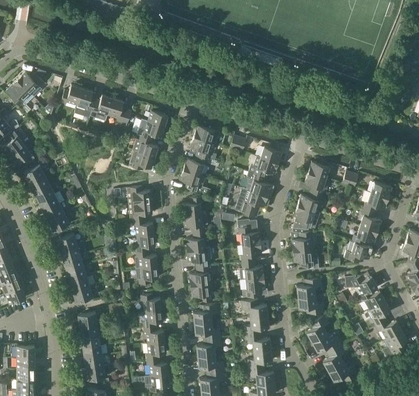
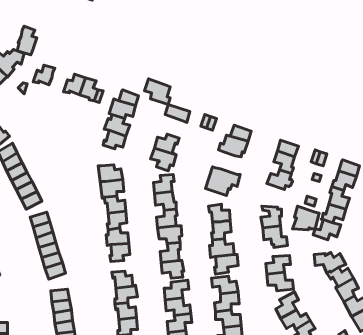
building: [75,88,95,117] -> [17,26,37,55]
building: [190,135,216,161] -> [145,79,170,105]
building: [245,171,274,196] -> none
building: [292,205,319,229] -> [292,206,319,230]

